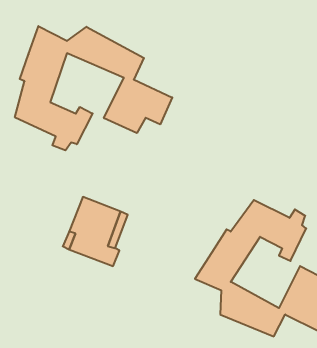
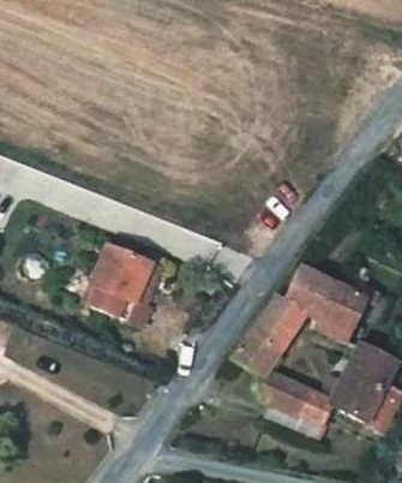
building: [15,26,172,150] -> none

